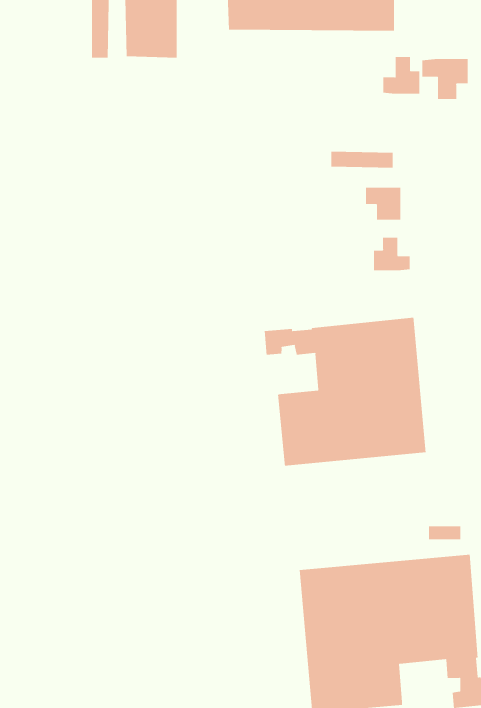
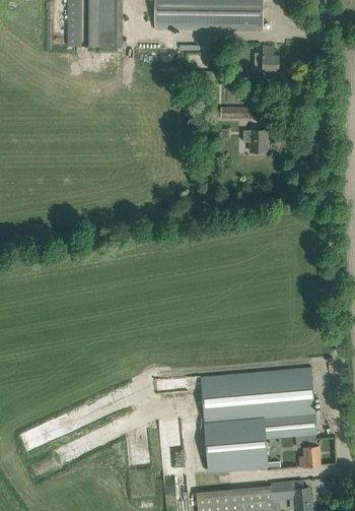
building: [422,58,468,100] -> none
building: [373,237,410,271] -> none
building: [264,317,426,466] -> none

